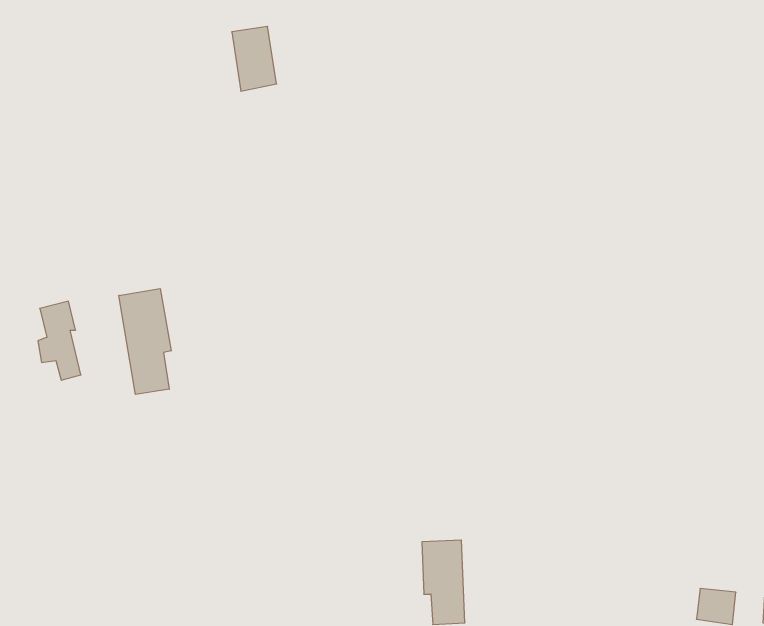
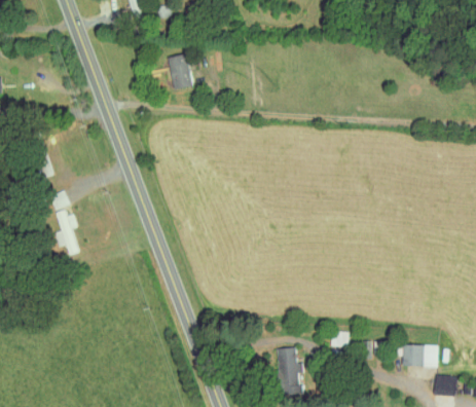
building: [119,289,171,394] -> none
building: none -> [401,345,437,367]

